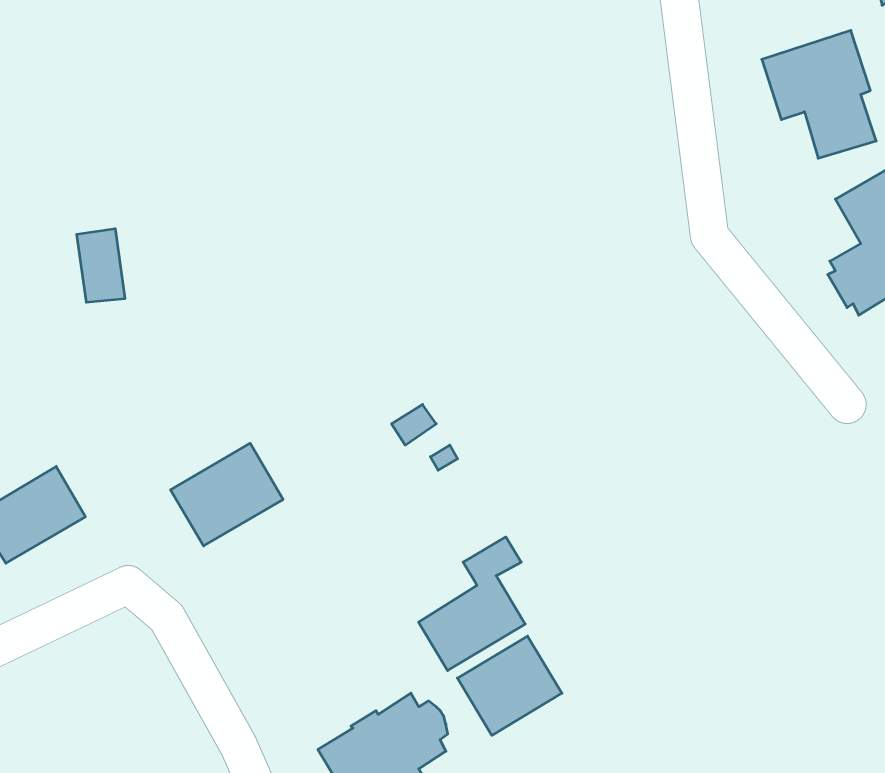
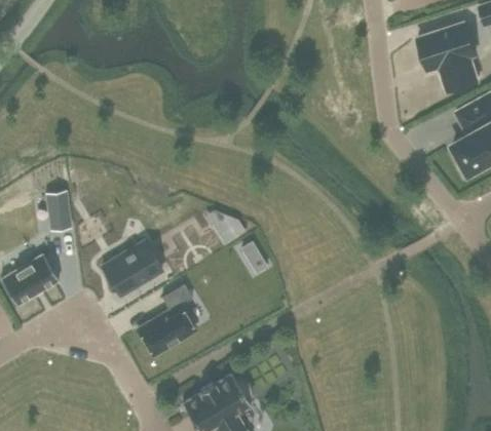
building: [77,229,125,302] -> [46,191,72,230]
building: [419,537,525,671] -> [139,284,195,355]
building: [457,636,562,735] -> none

